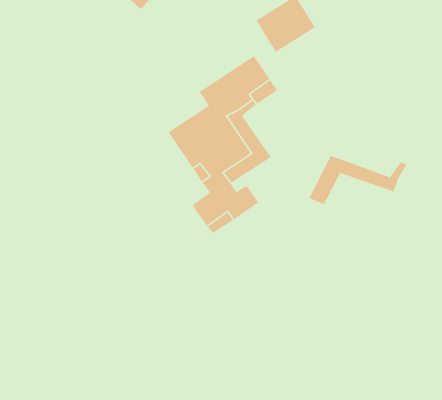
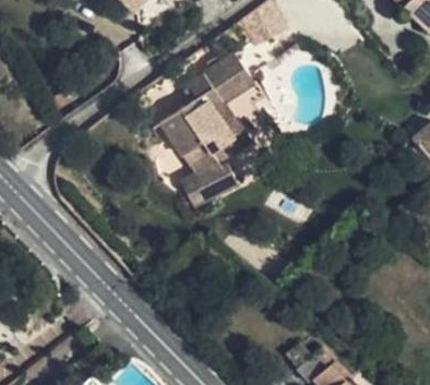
building: [308,155,408,205] -> none

